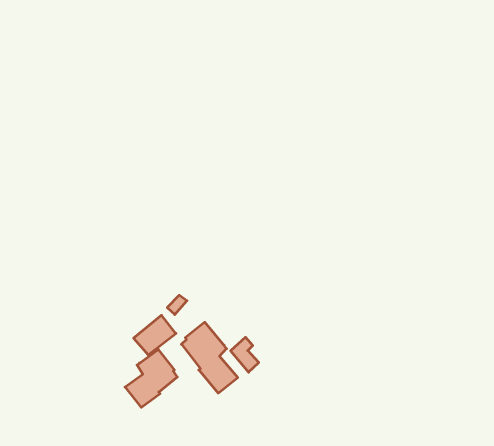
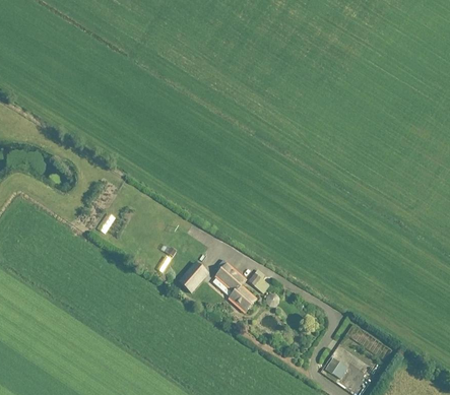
building: [125,349,177,407] -> none

